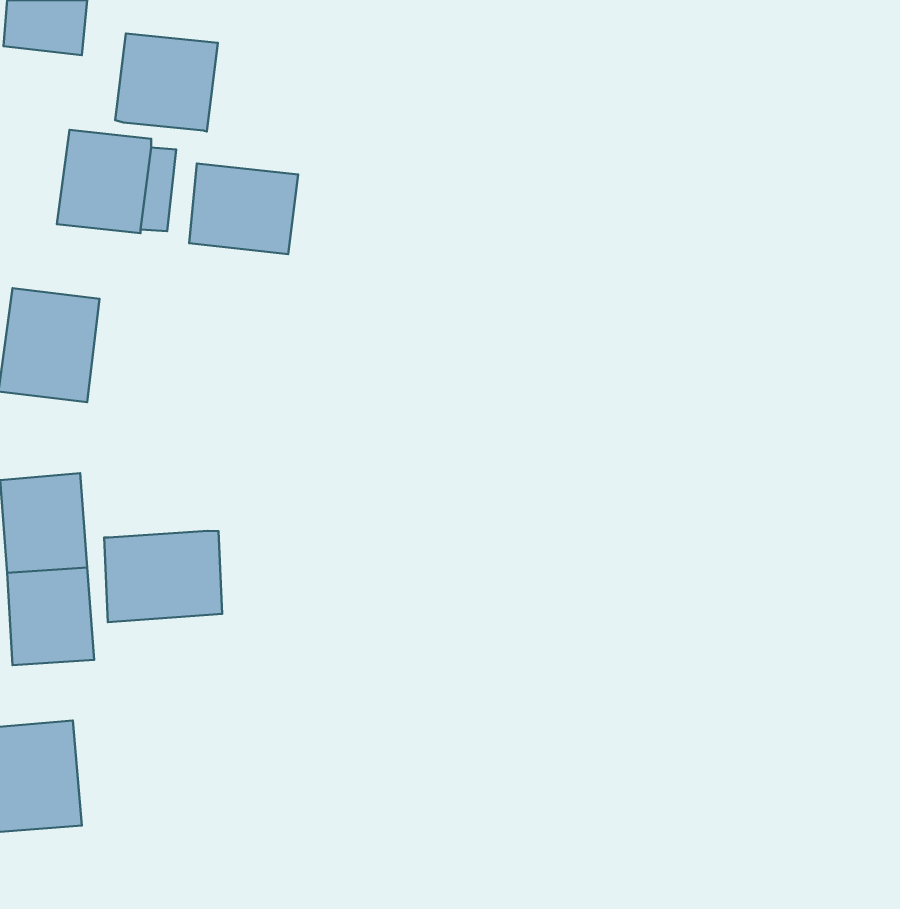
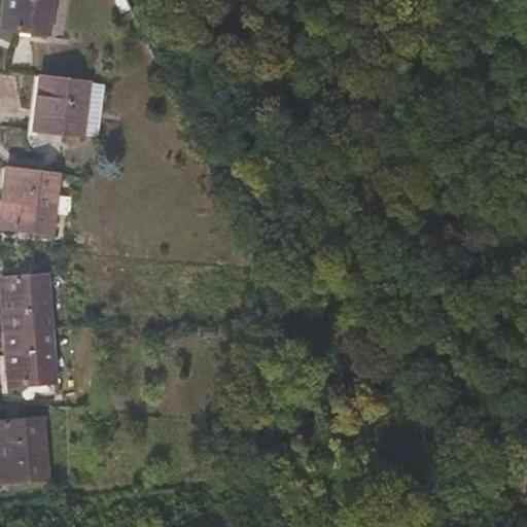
building: [115,33,218,131] -> none
building: [189,163,298,254] -> none
building: [104,531,222,622] -> none

